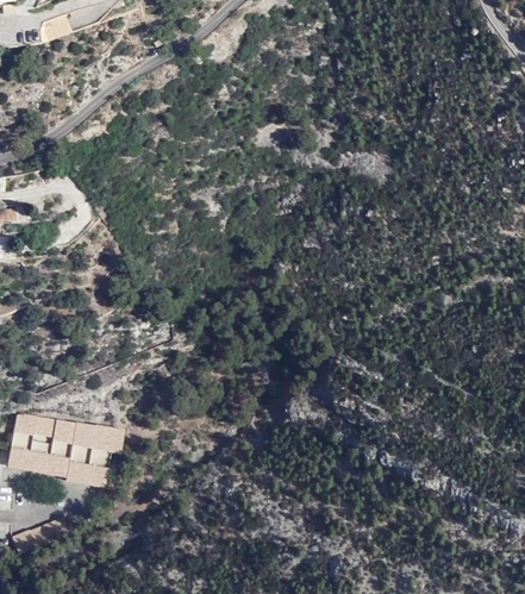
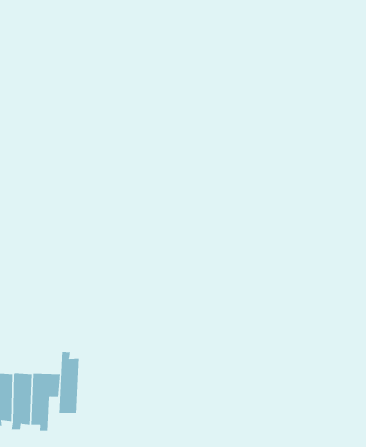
building: none -> [59,351,79,414]

